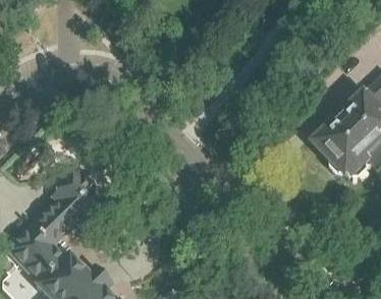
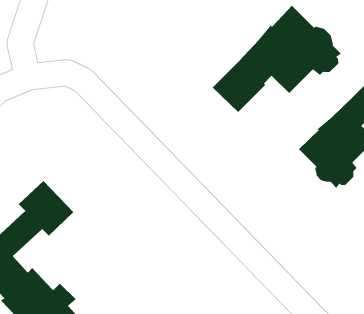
building: none -> [212,5,342,113]

